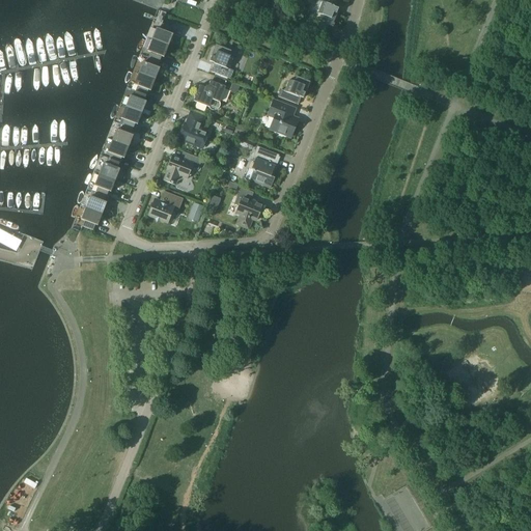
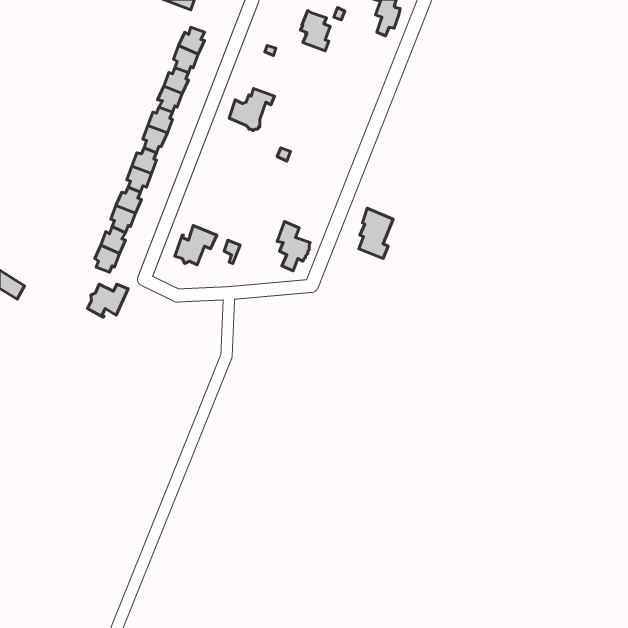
building: [208,44,233,78] -> [301,10,330,51]
building: [277,76,309,104] -> none
building: [268,102,295,136] -> none
building: [177,112,207,147] -> none
building: [249,145,278,188] -> [359,208,393,259]
building: [163,152,201,185] -> none
building: none -> [87,284,128,317]

